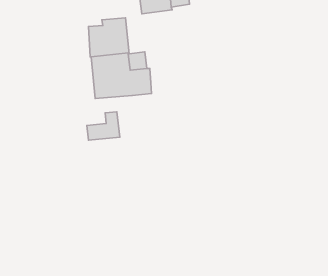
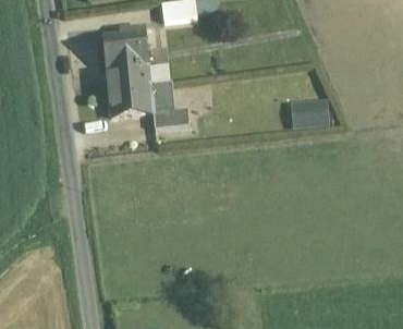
building: none -> [291,97,329,125]
building: [87,112,120,140] -> [151,97,188,129]

